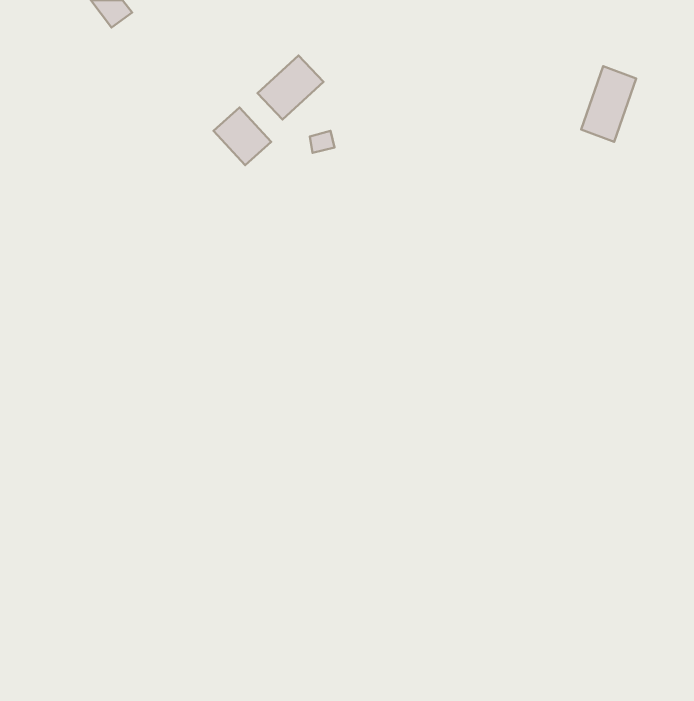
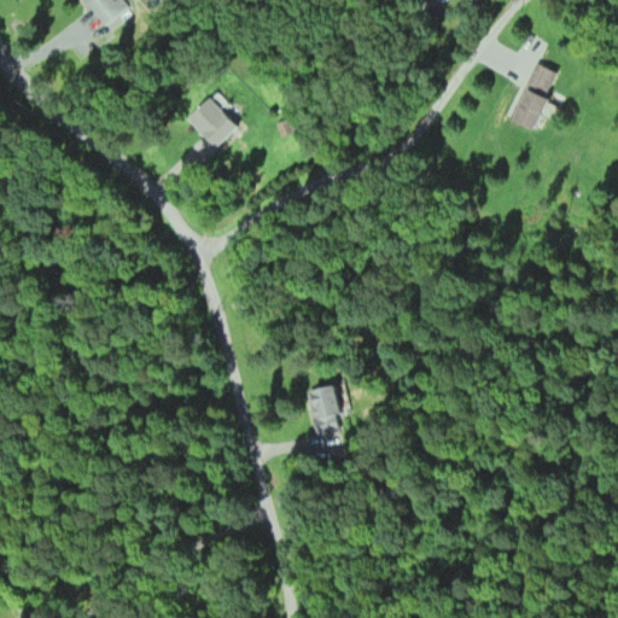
building: [257,55,324,120] -> none
building: none -> [308,386,342,441]

